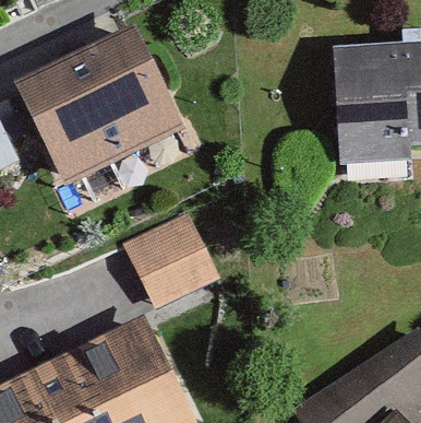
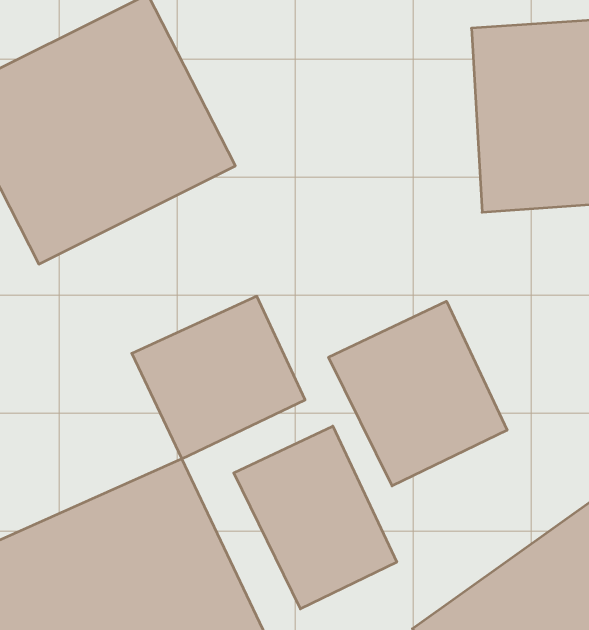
building: none -> [329,301,507,486]
building: none -> [234,426,397,609]

